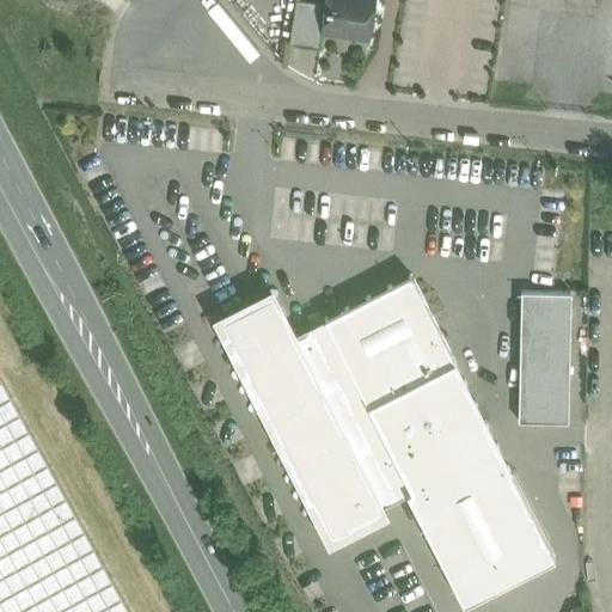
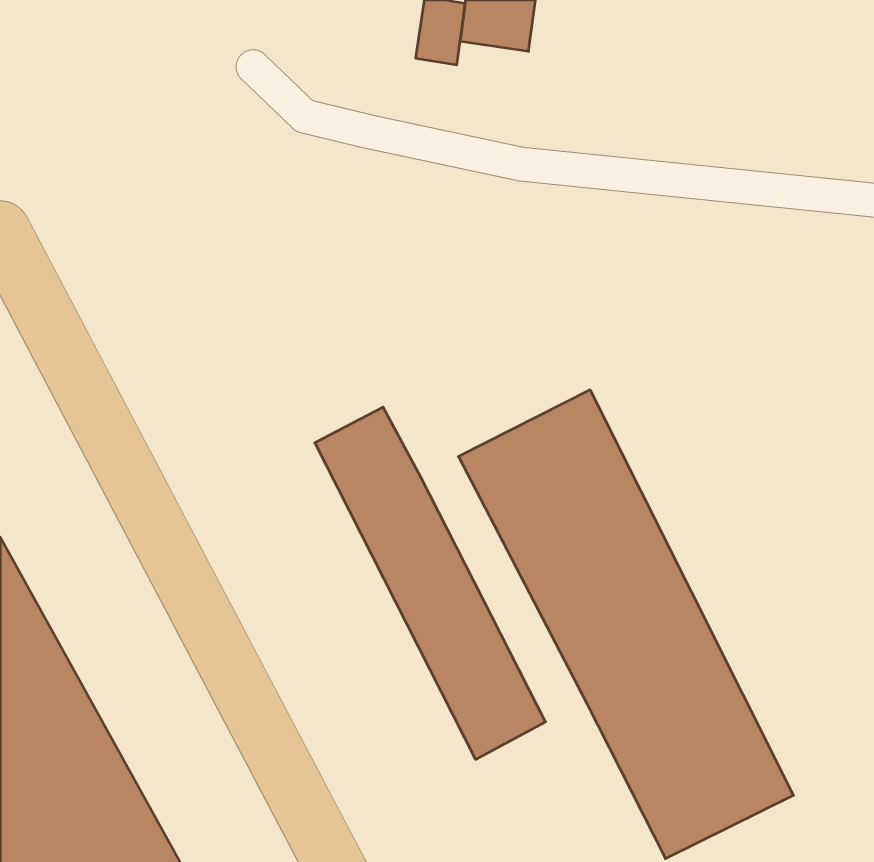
building: [519,299,570,428] -> none
building: [294,328,410,513] -> none

